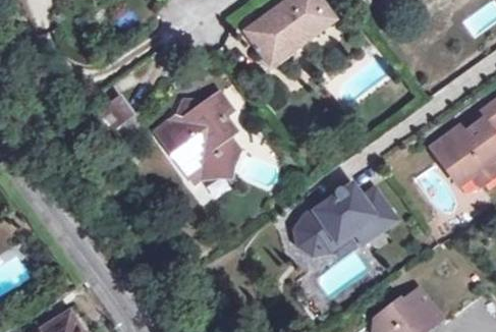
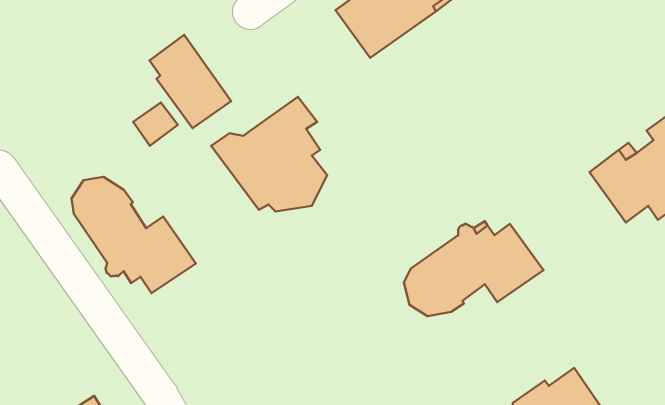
building: none -> [149,35,231,128]
building: none -> [72,177,196,293]

